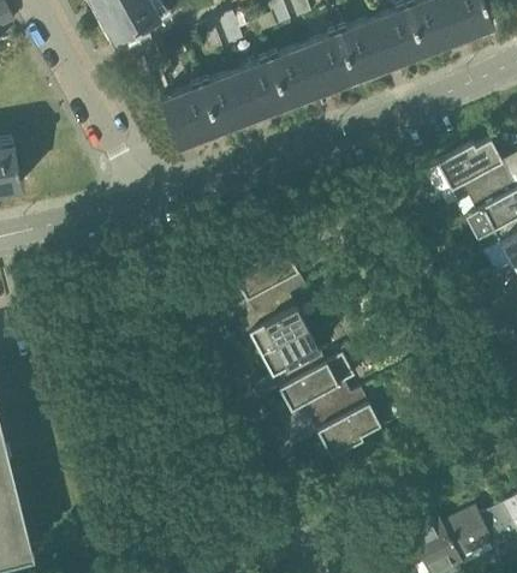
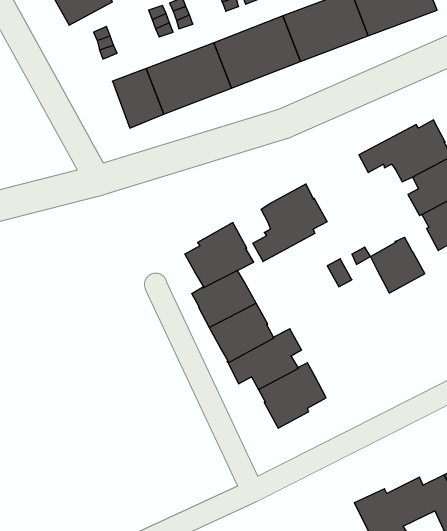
building: none -> [253,184,327,262]
building: none -> [371,237,425,293]

